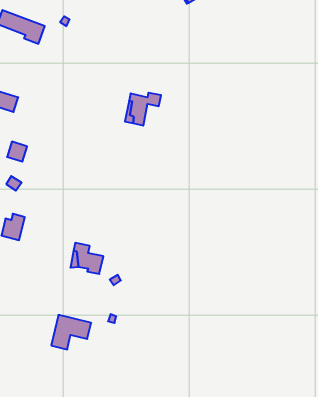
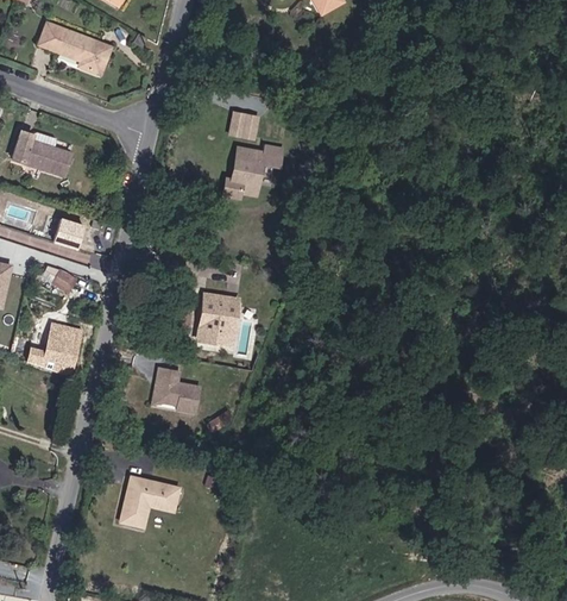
building: none -> [229,111,257,137]
building: none -> [201,295,238,344]

